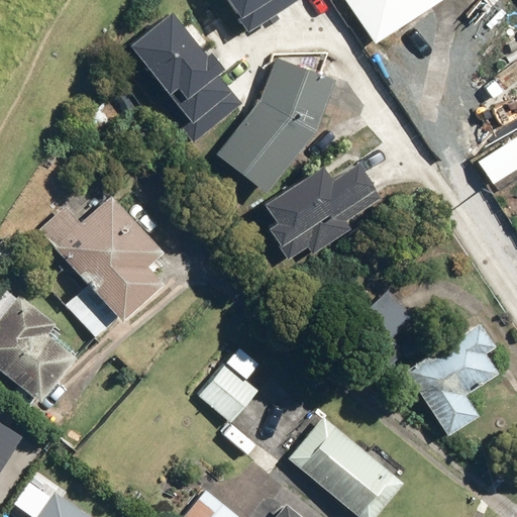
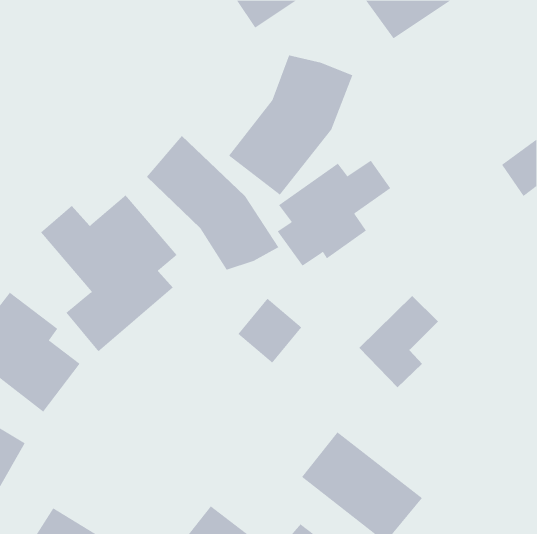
building: [132,11,242,143] -> none
building: none -> [146,135,279,270]
building: [405,323,499,436] -> none
building: [196,365,257,427] -> [238,298,302,363]

